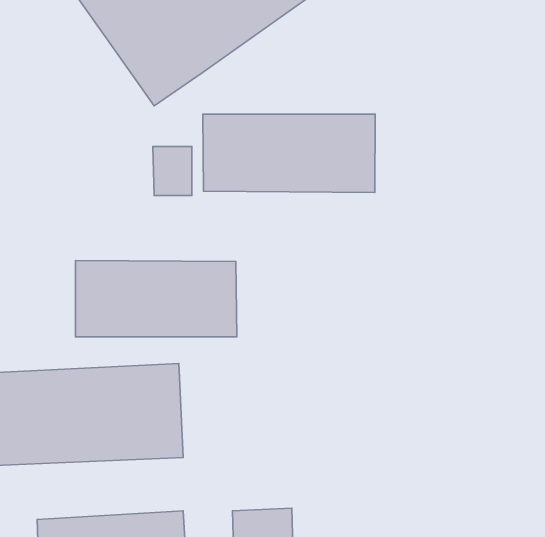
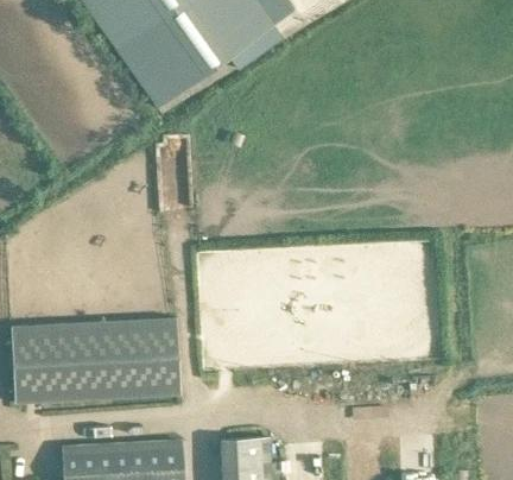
building: [203,114,375,192] -> none
building: [75,260,237,337] -> none

